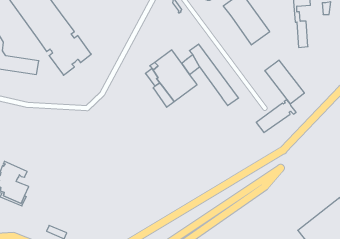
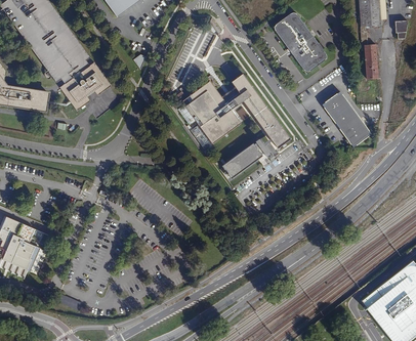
building: [256,100,296,133] -> [221,138,269,178]

